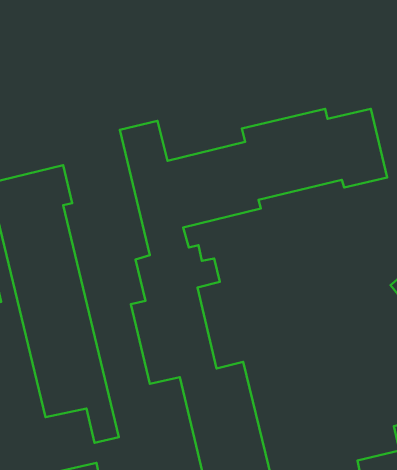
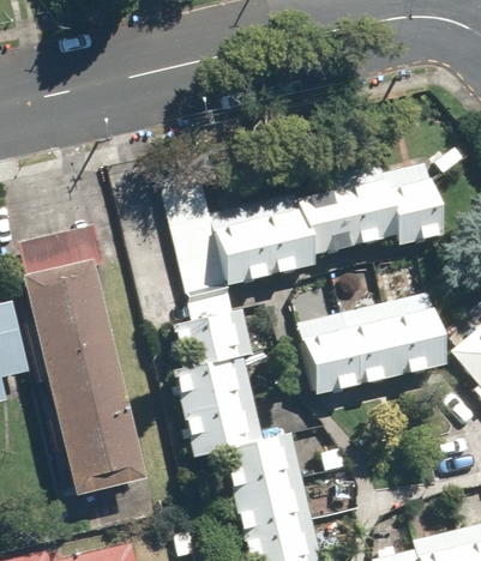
building: none -> [299,290,451,394]

